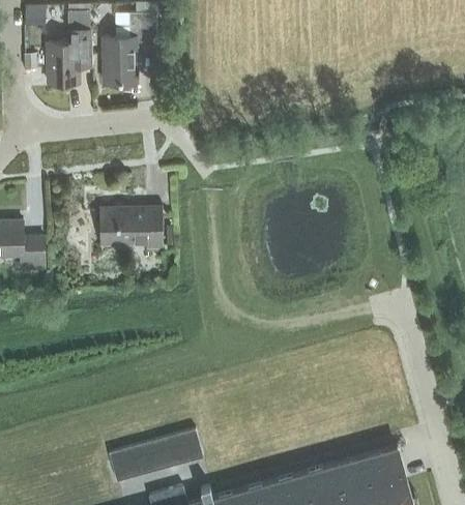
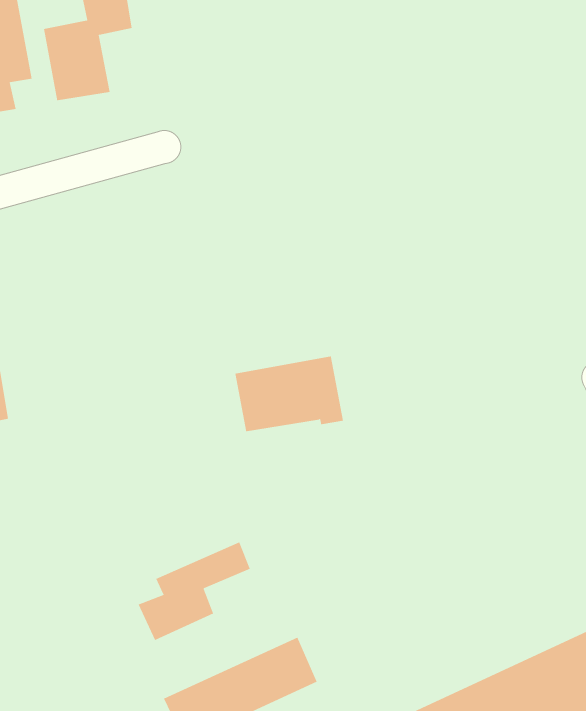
building: [100,208,162,248] -> [234,356,344,432]
building: none -> [138,541,250,641]

